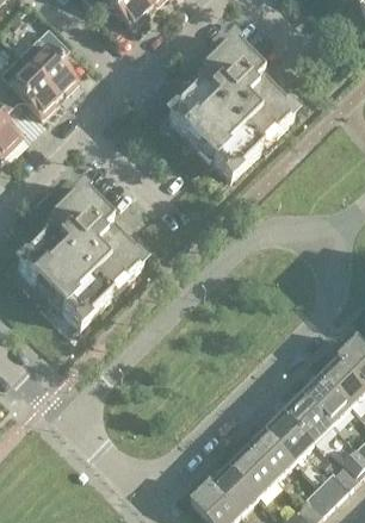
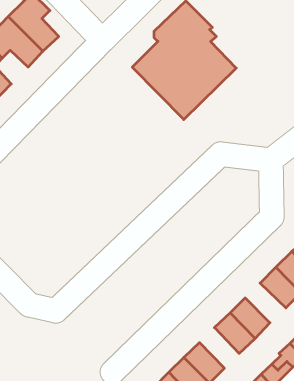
building: [16,183,141,326] -> none
building: [302,375,351,423] -> none
building: [247,429,295,478] -> none

